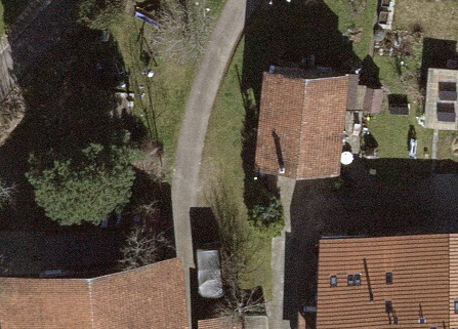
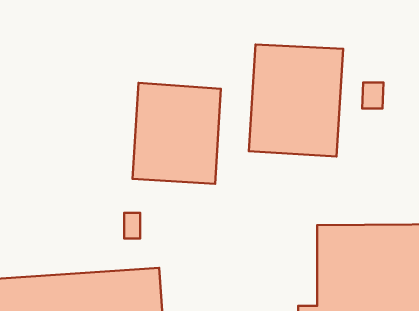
building: none -> [132,83,221,184]

